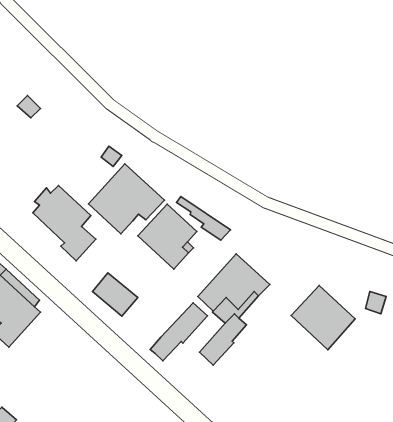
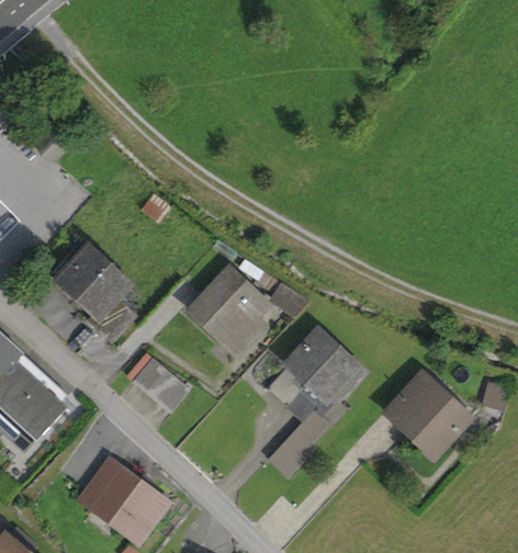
building: [88,164,164,234] -> none
building: [150,303,208,361] -> none
building: none -> [79,459,168,542]

